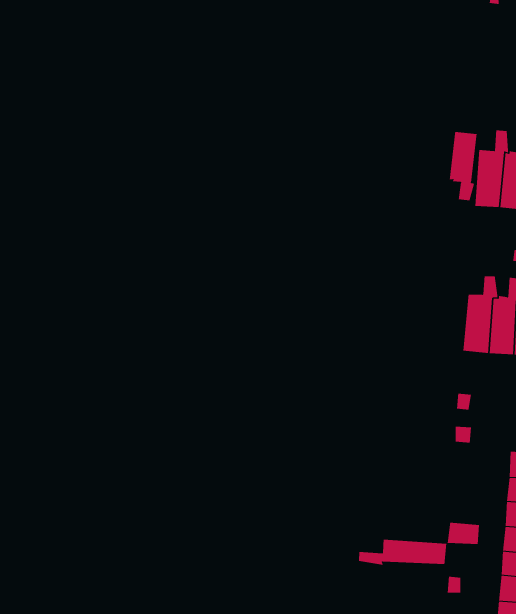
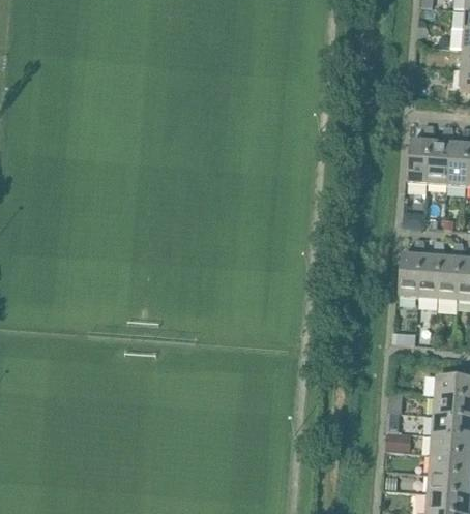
building: [449,131,477,201] -> none
building: [359,539,447,566] -> none

